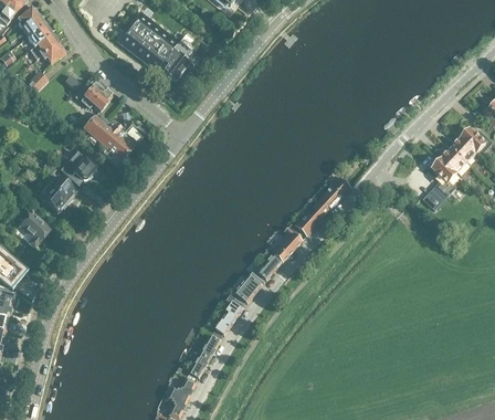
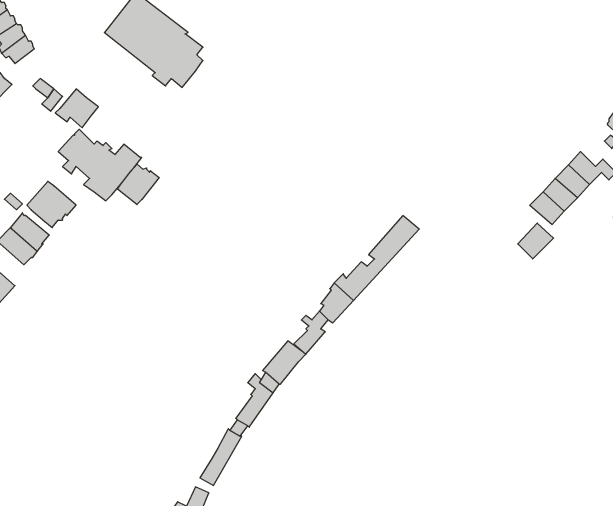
building: none -> [117,164,159,205]

